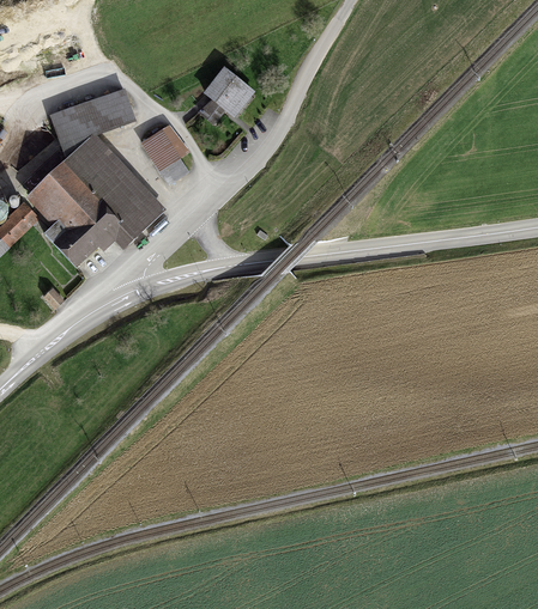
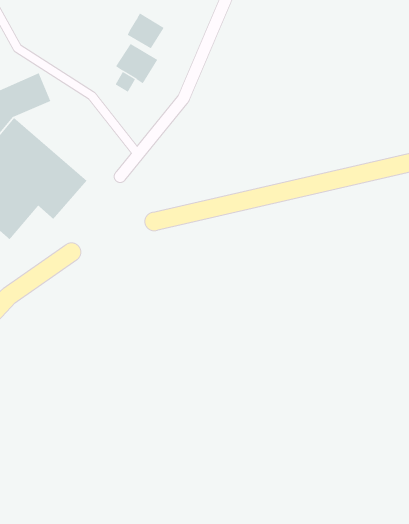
building: none -> [127,12,164,49]
building: [141,122,185,177] -> none

